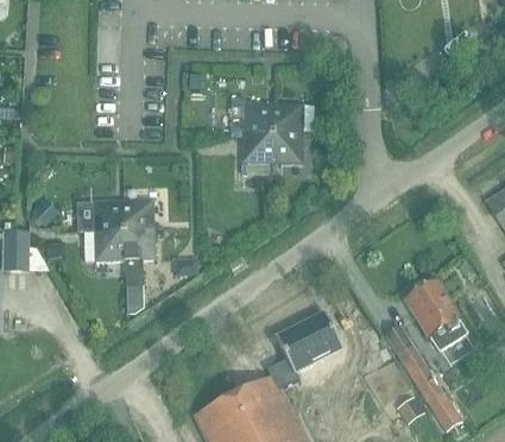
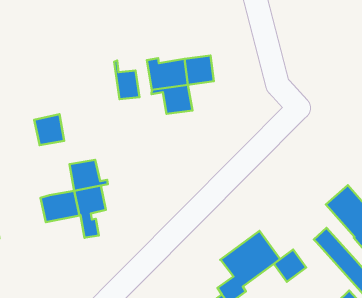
building: none -> [114,61,140,99]
building: [271,133,302,176] -> none
building: [94,200,124,231] -> [34,114,64,145]
building: none -> [274,250,306,282]

